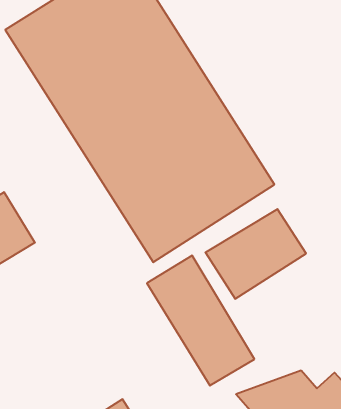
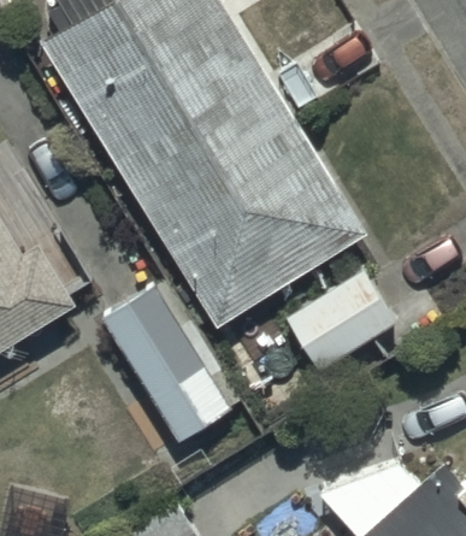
building: [147,256,254,386] -> [102,283,234,442]

